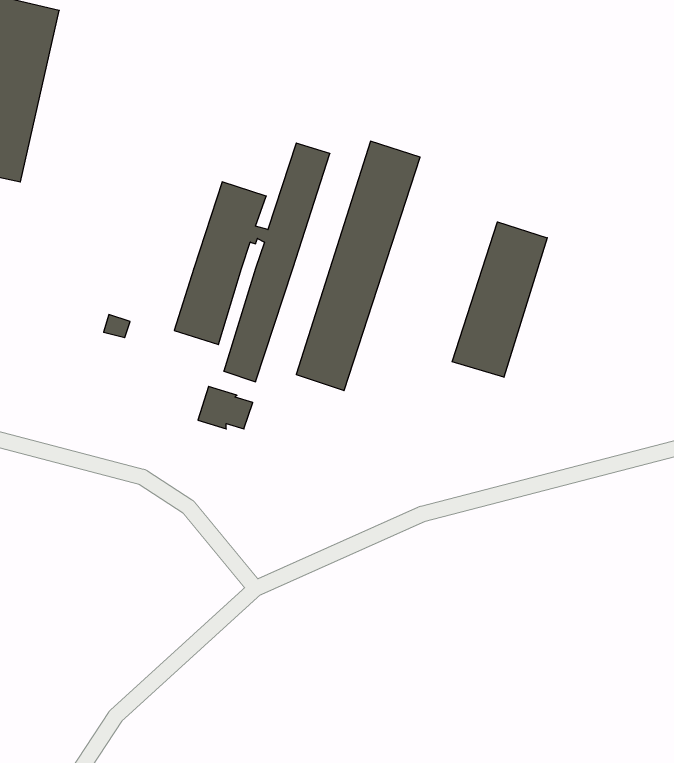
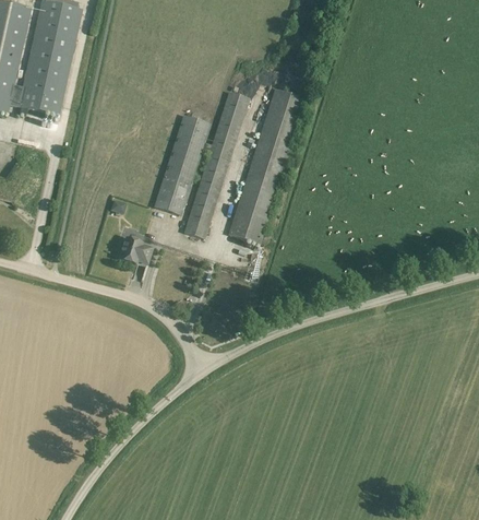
building: [452,222,547,377] -> none
building: [198,386,253,429] -> [119,236,153,262]

